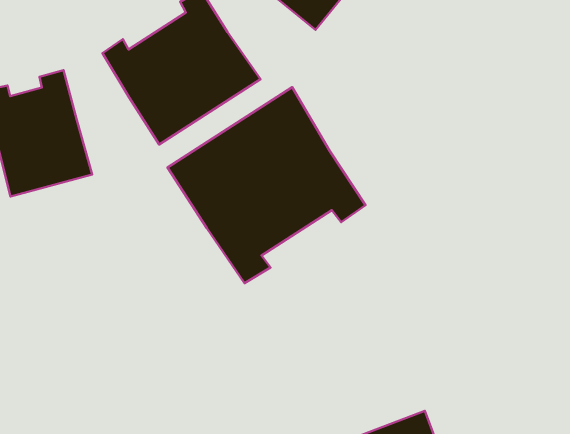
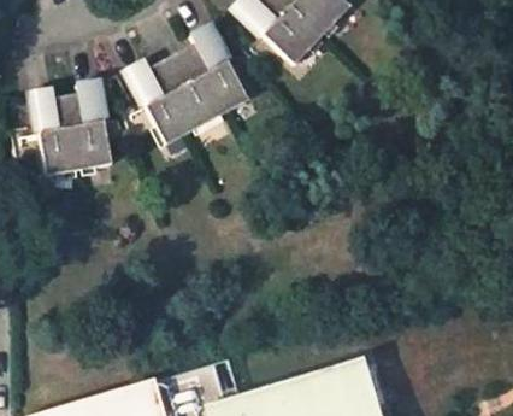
building: [167,87,366,283] -> none

